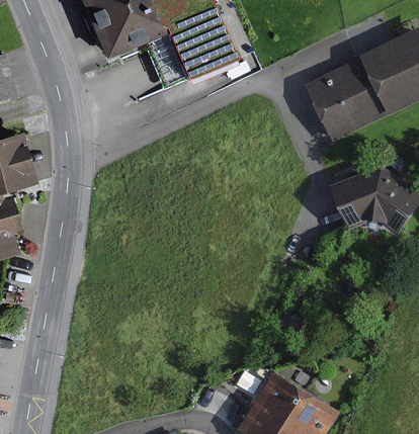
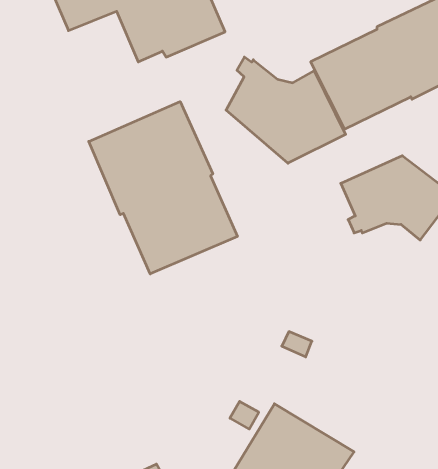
building: none -> [226,57,346,163]
building: none -> [89,102,237,274]

